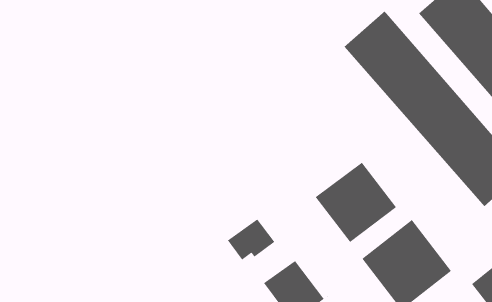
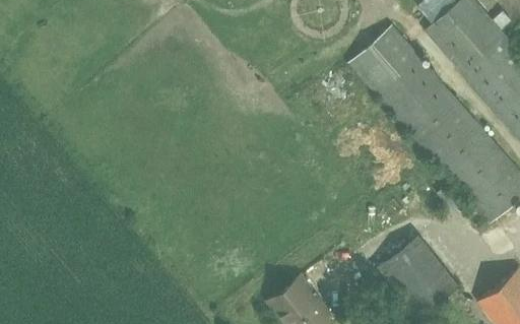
building: [315,162,397,243] -> none
building: [225,216,275,260] -> none

